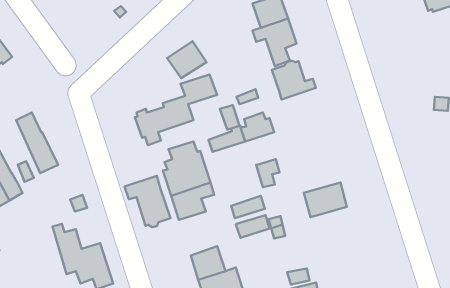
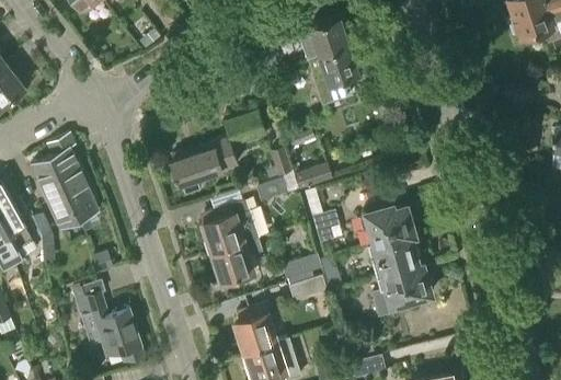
building: [167,41,206,78] -> none
building: [272,61,316,99] -> none
building: none -> [46,133,98,217]
building: none -> [357,206,415,247]
building: [125,176,171,227] -> none
building: none -> [371,265,432,315]

